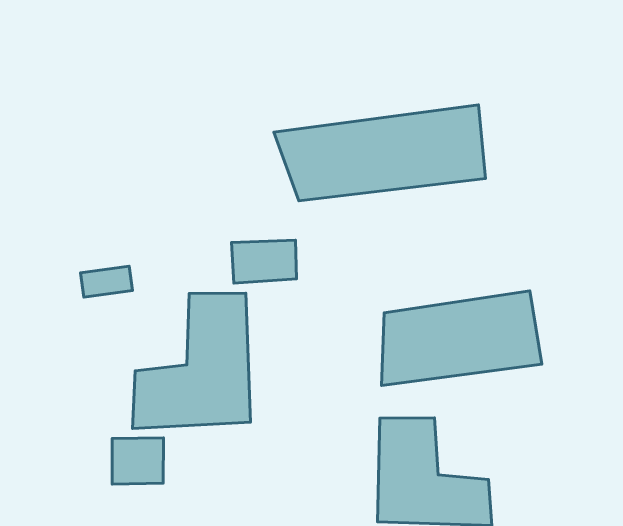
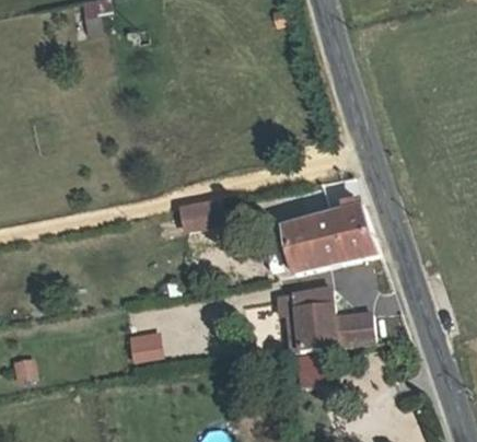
building: [274,105,486,201] -> none
building: [133,293,251,428] -> none

